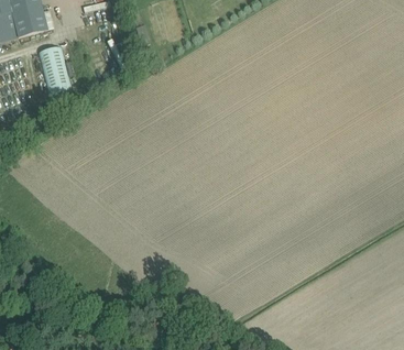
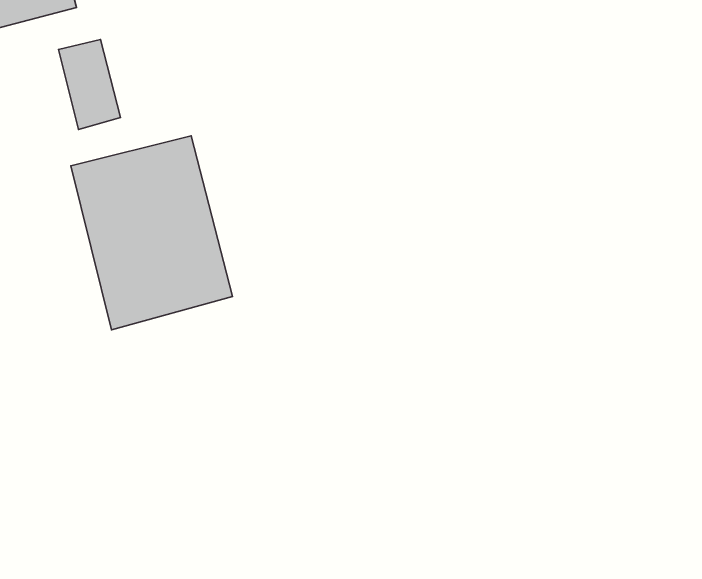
building: none -> [71,136,232,330]

